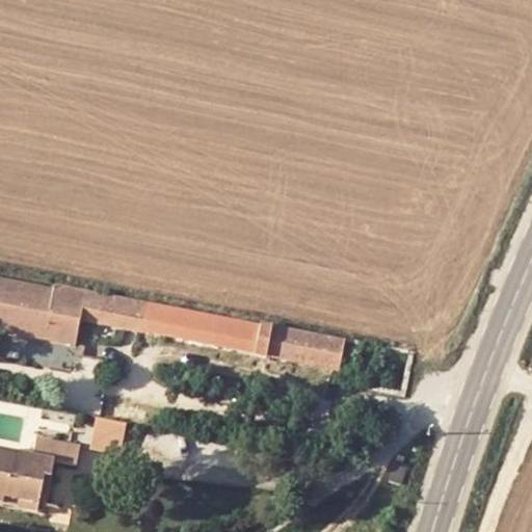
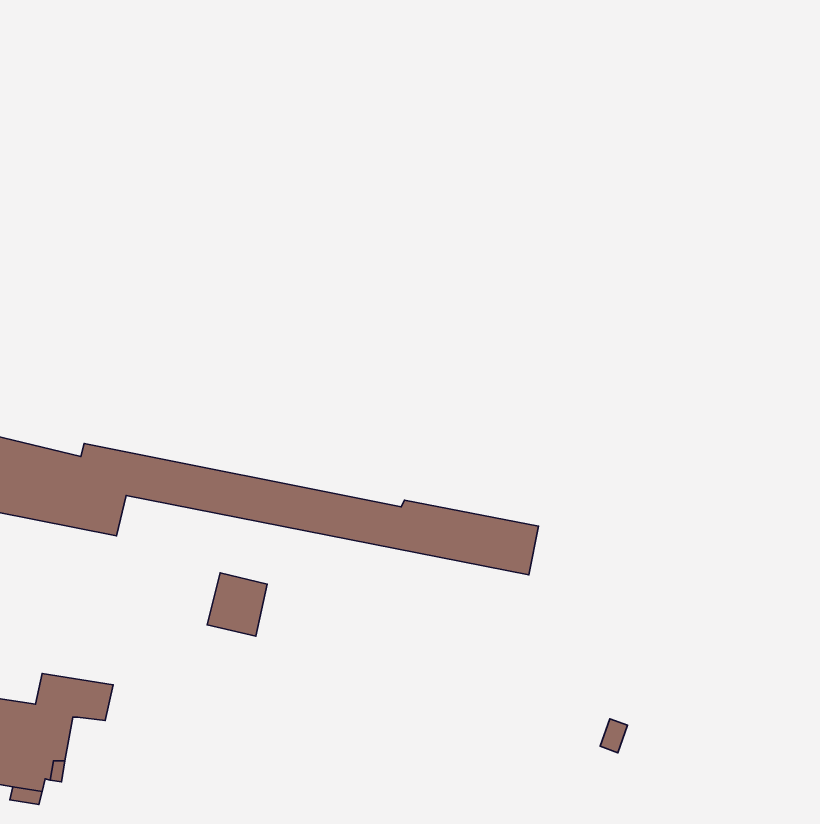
building: [88,413,127,453] -> [207,573,267,636]

